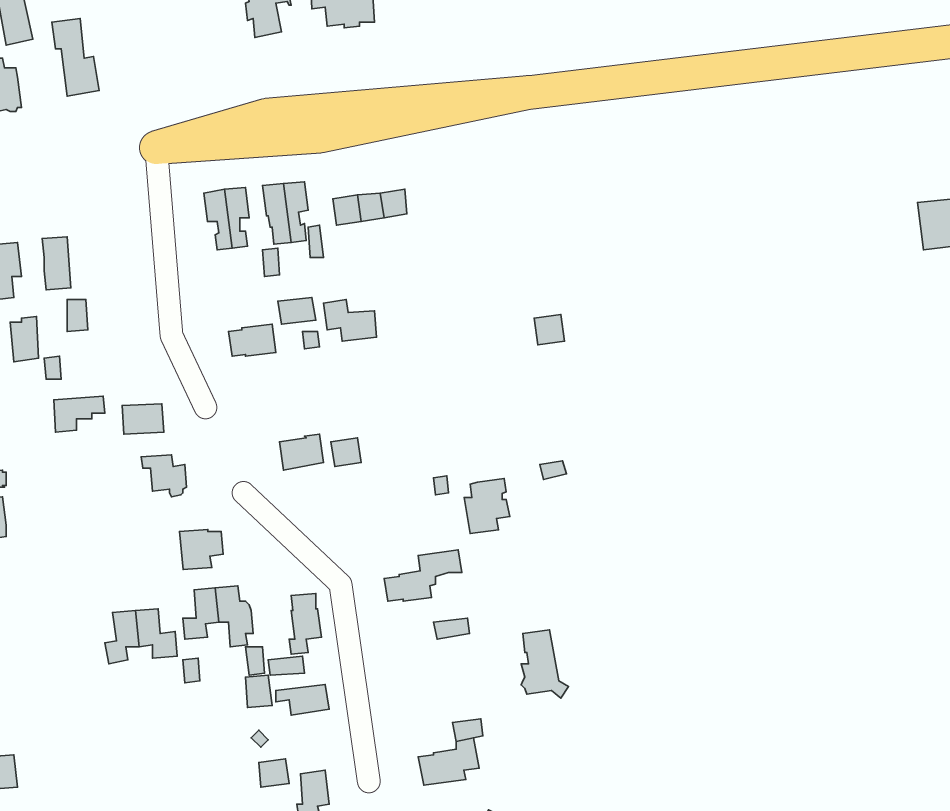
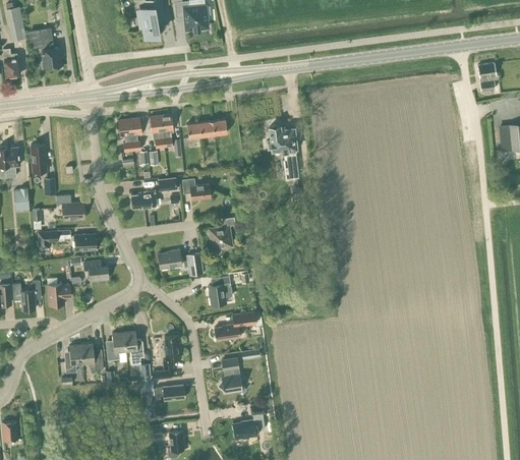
building: none -> [476,64,498,92]
building: none -> [266,124,297,179]
building: none -> [56,195,84,221]
building: none -> [209,218,235,255]
building: [464,478,510,534] -> [208,276,232,305]
building: none -> [12,281,41,310]
building: [179,530,223,570] -> [47,284,70,305]
building: [521,630,568,698] -> [221,358,246,395]

